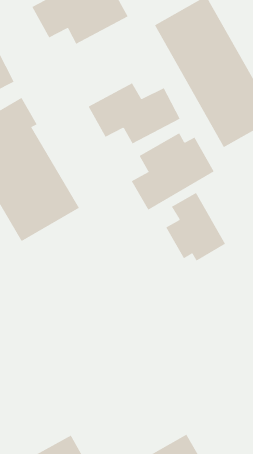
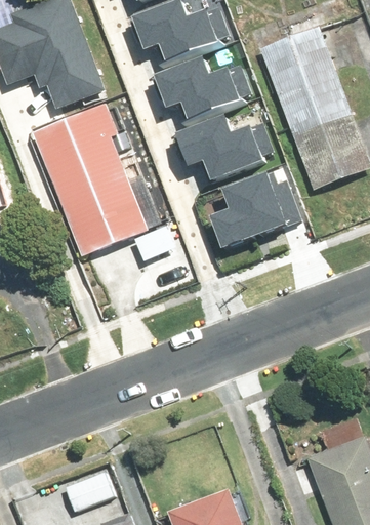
building: none -> [152,52,252,117]
building: [165,192,226,261] -> none

